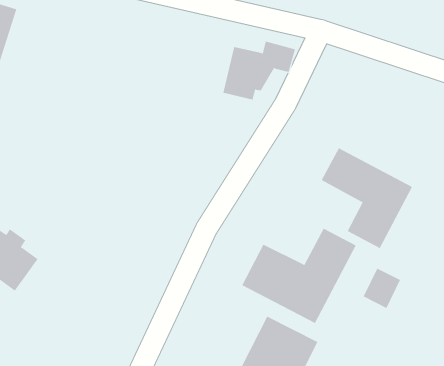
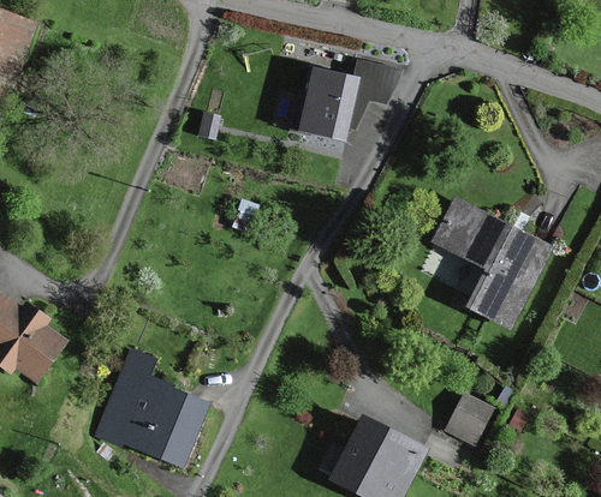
building: [242,228,357,324] -> none
building: none -> [93,349,209,472]
building: [363,268,401,309] -> [442,394,492,447]

